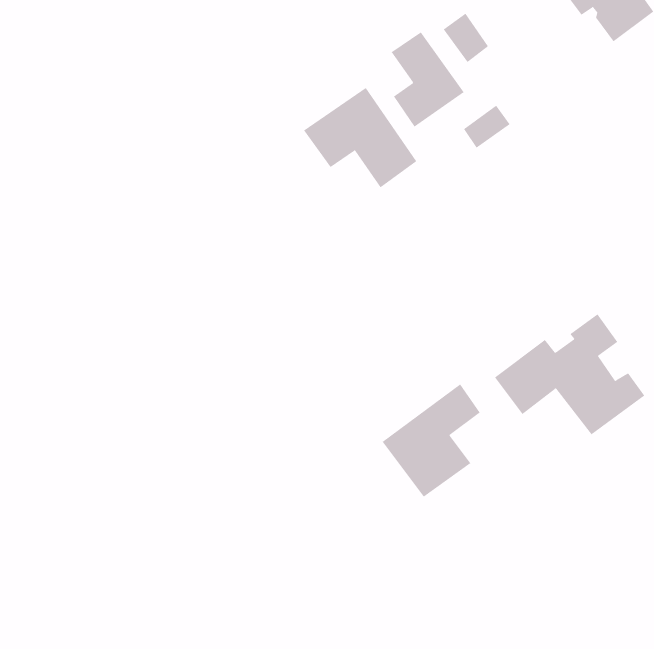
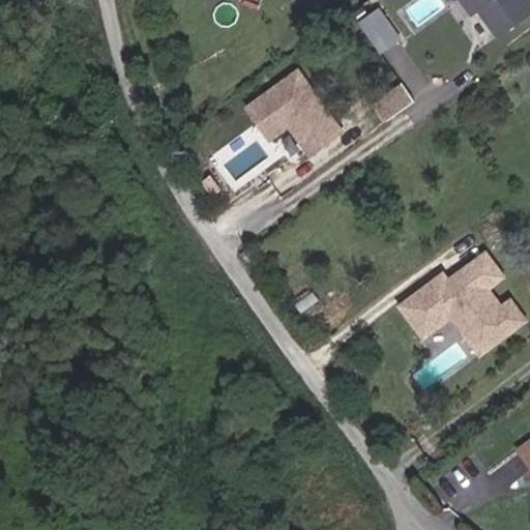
building: [391,31,464,128] -> none
building: [382,384,480,498] -> none

